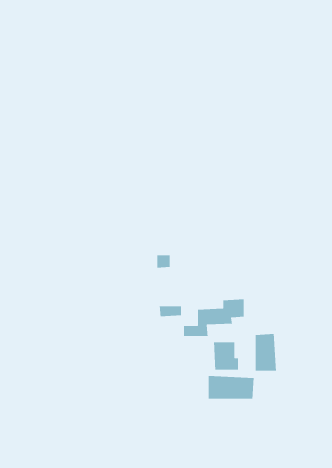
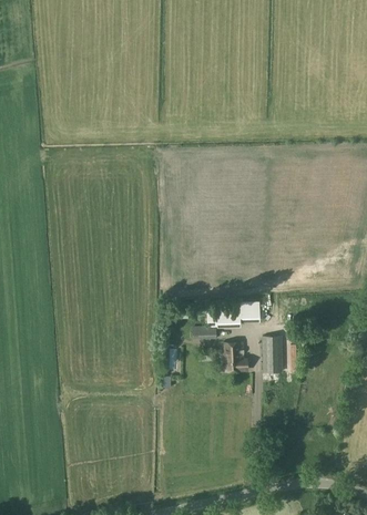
building: [208,375,254,399] -> none

